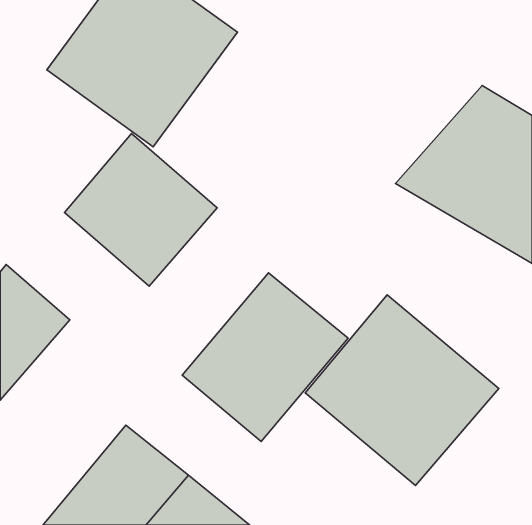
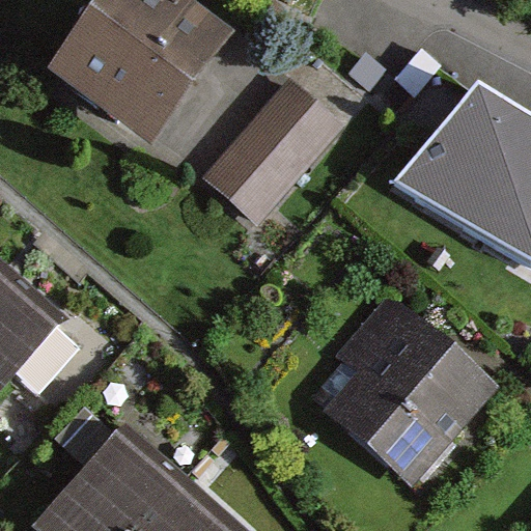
building: none -> [204,75,346,223]
building: [64,134,217,286] -> none
building: [182,273,348,441] -> none

